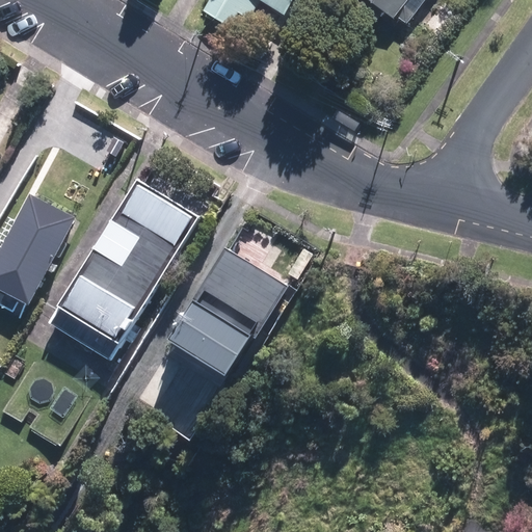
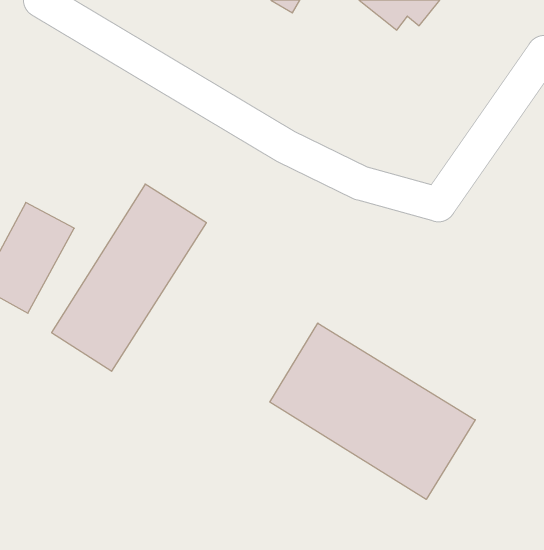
building: [172,251,282,375] -> none
building: none -> [270,323,475,499]

